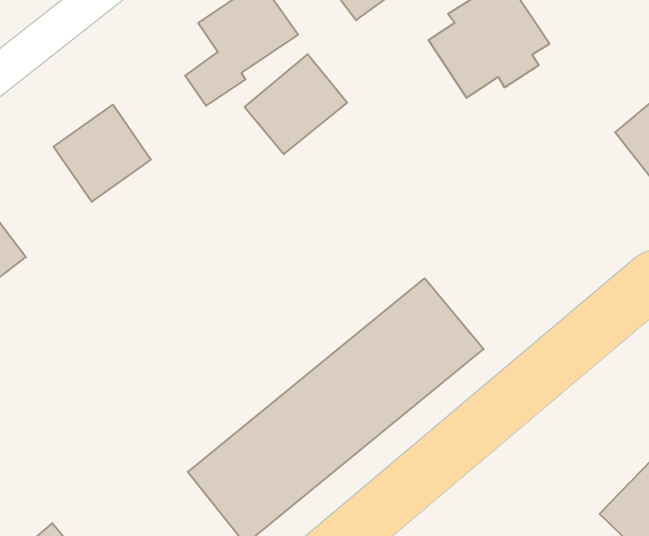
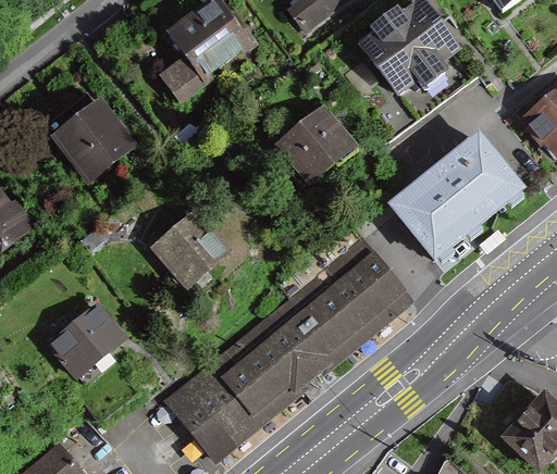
building: [245,54,347,154] -> [275,104,360,187]
building: none -> [391,134,529,265]
building: none -> [154,208,232,284]
building: none -> [53,303,128,376]

